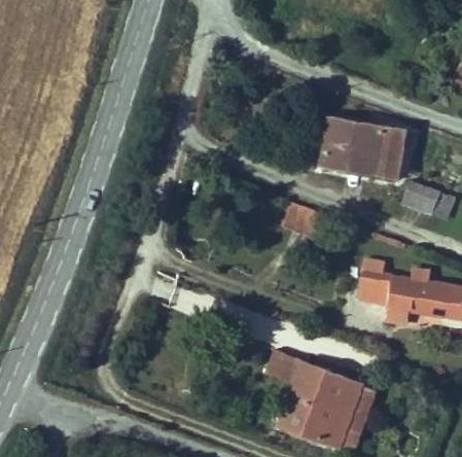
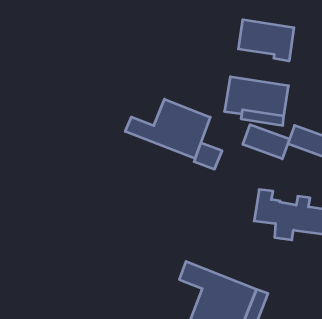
building: none -> [238,20,294,61]
building: none -> [125,99,210,158]
building: none -> [243,125,289,159]

